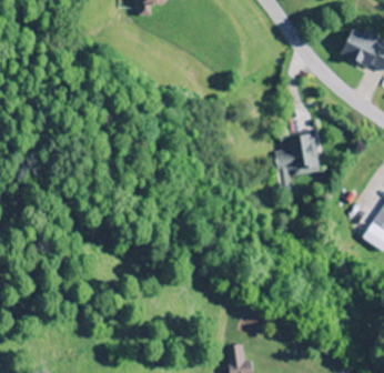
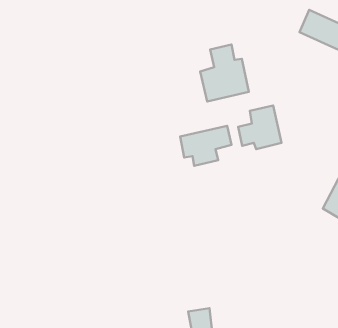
building: none -> [200,45,249,101]
building: none -> [180,126,231,166]

